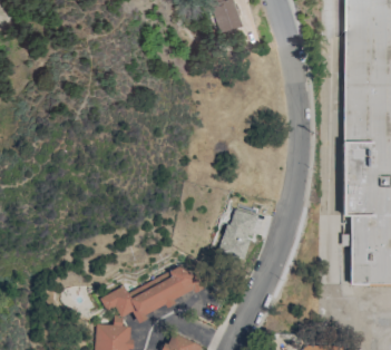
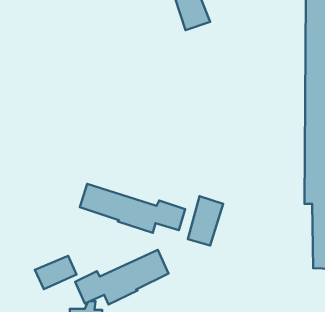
building: none -> [80,184,185,233]
building: none -> [35,256,76,289]

